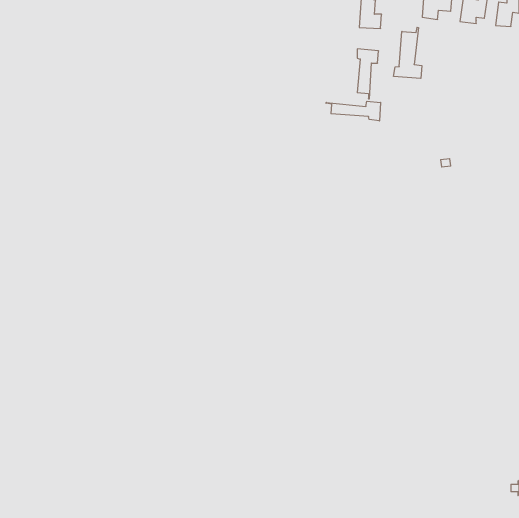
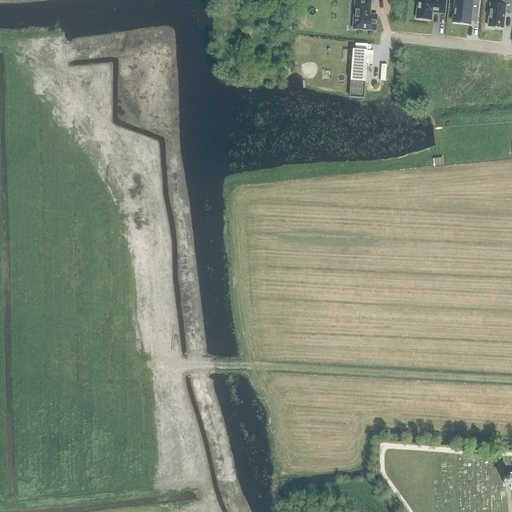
building: [394,27,422,78] -> none
building: [326,101,381,121] -> none

